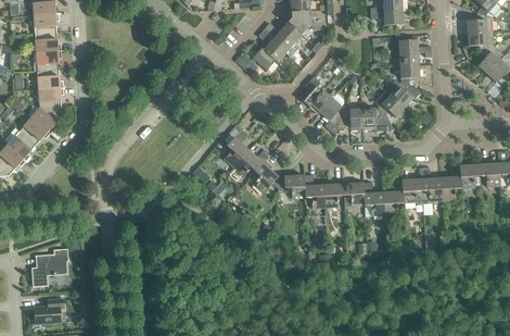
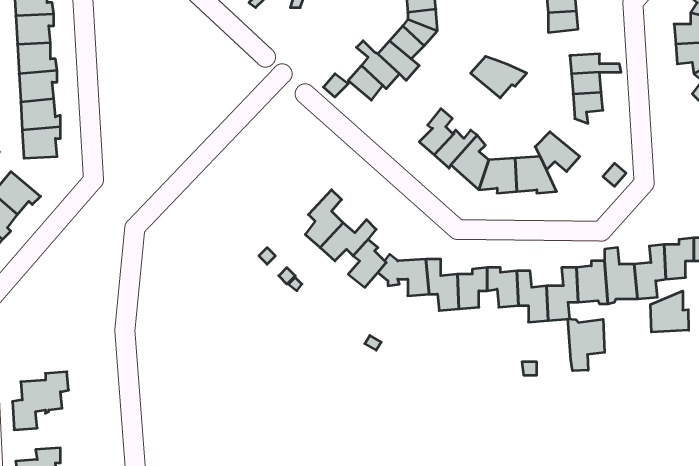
building: [384,79,421,107] -> [471,56,527,98]
building: [30,107,62,133] -> none
building: none -> [651,291,689,332]
building: none -> [568,319,605,371]

